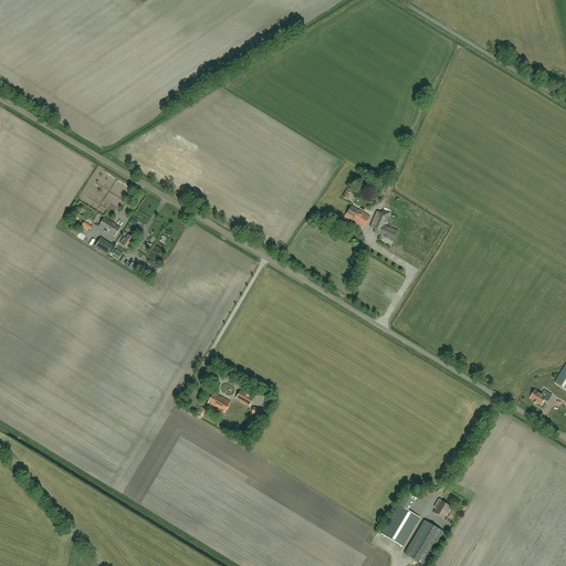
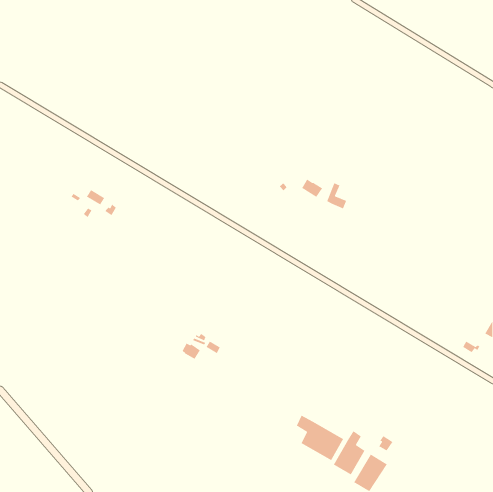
building: none -> [296,415,344,461]

